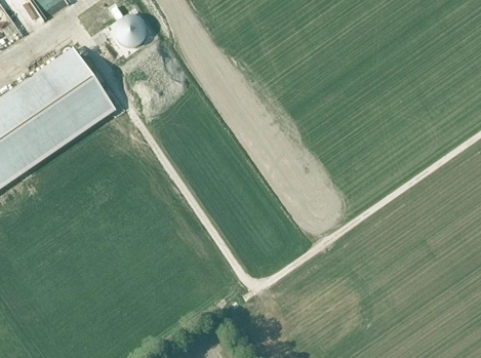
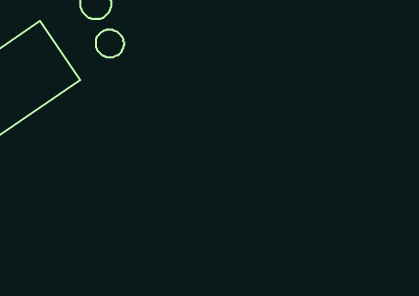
building: none -> [96,29,124,57]

